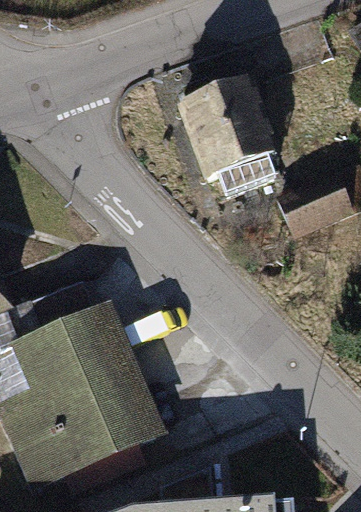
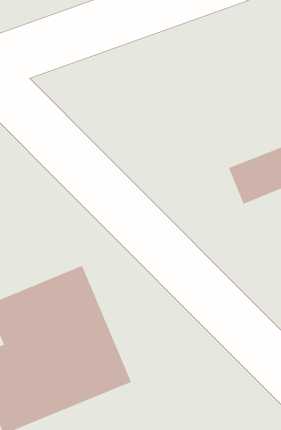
building: [175,82,272,185] -> none

